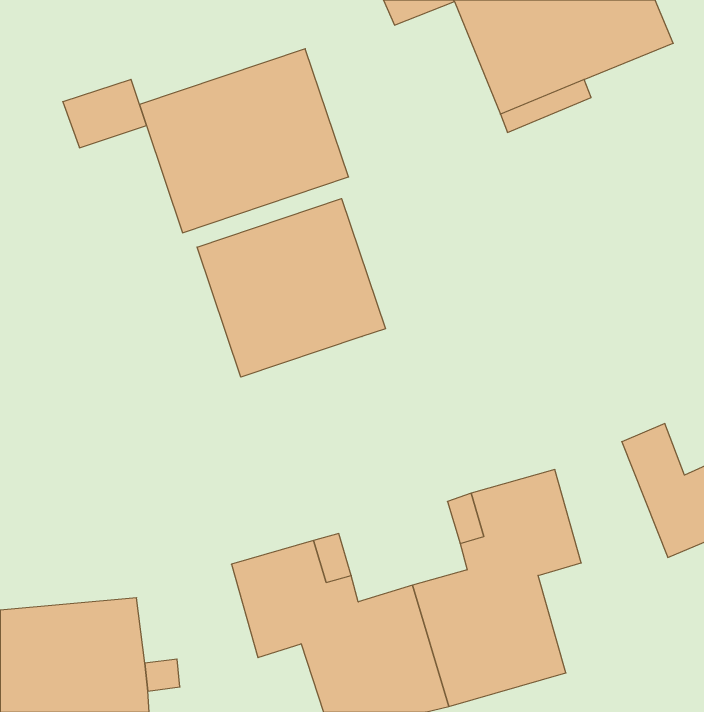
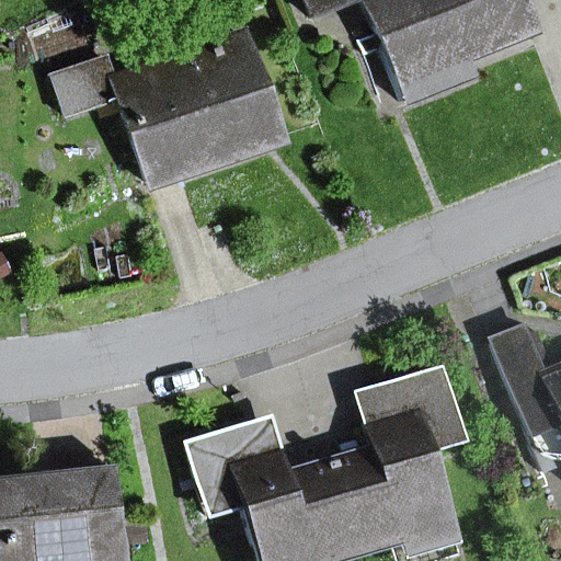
building: [197,199,385,377] -> none

